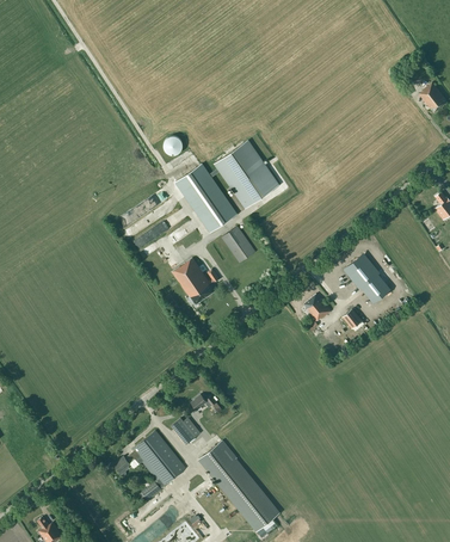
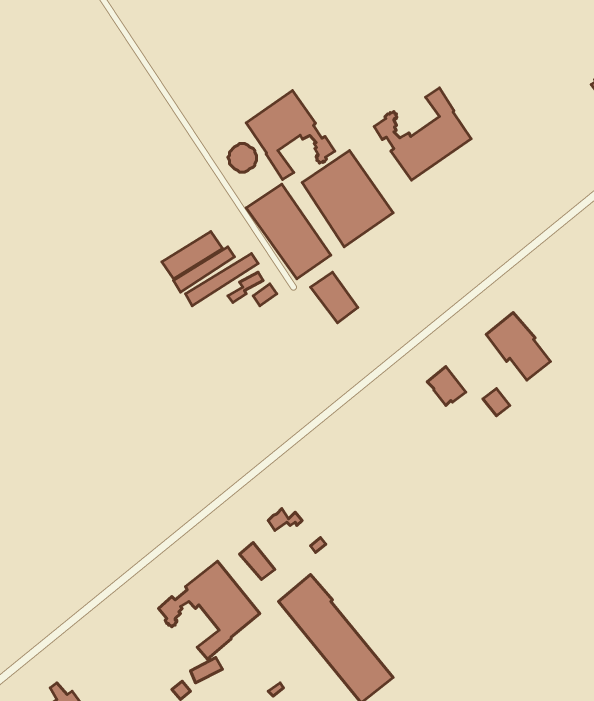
building: none -> [374,88,471,180]
building: none -> [246,91,335,180]
building: [171,257,218,303] -> none

